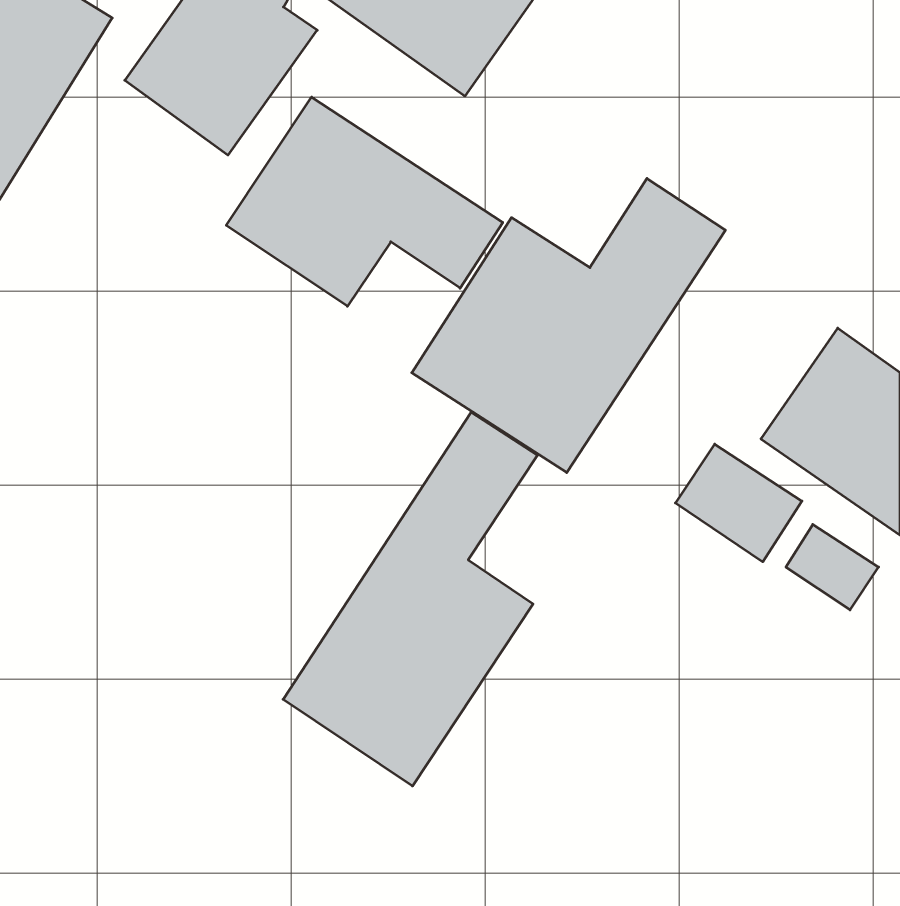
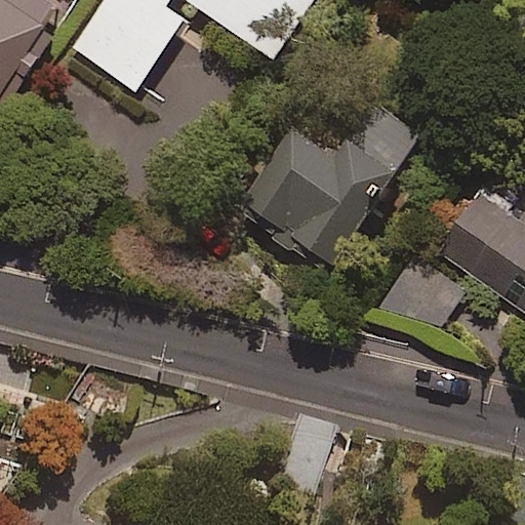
building: [226,97,503,306] -> none
building: [283,412,538,786] -> none

